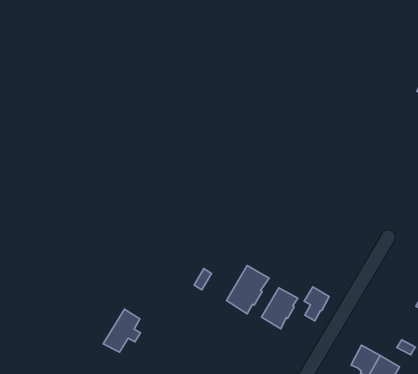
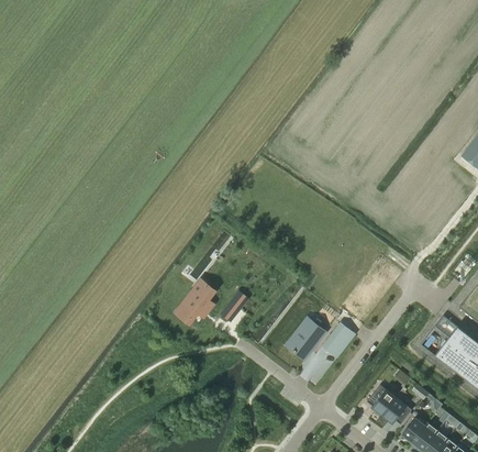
building: [226,266,269,314] -> none
building: [103,309,141,352] -> [177,280,214,320]

